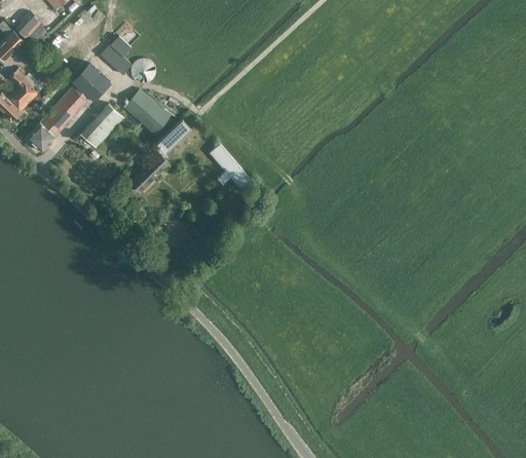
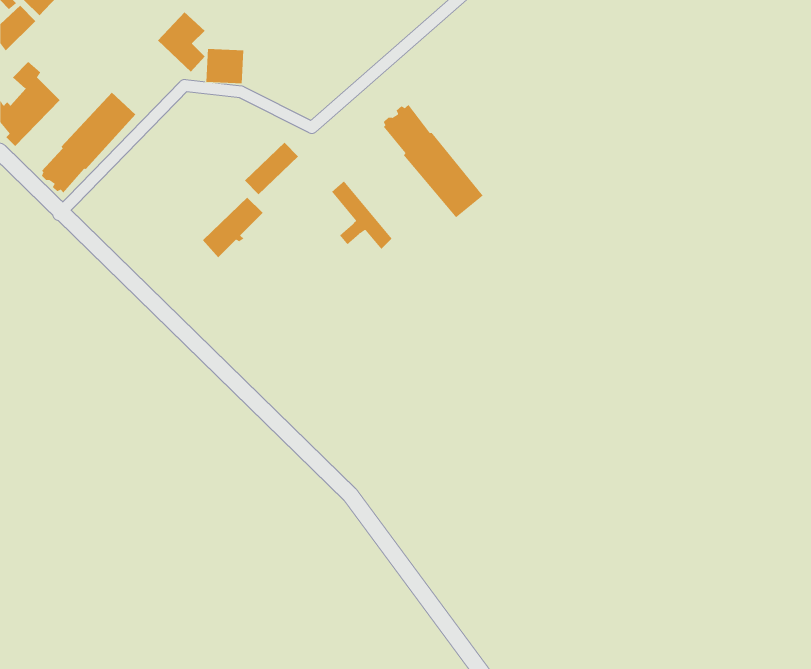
building: [72,62,110,100] -> none
building: [124,88,171,133] -> none
building: none -> [383,104,483,218]
building: [80,103,123,147] -> none

